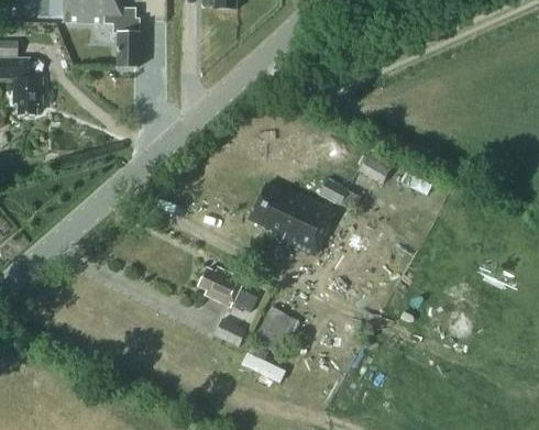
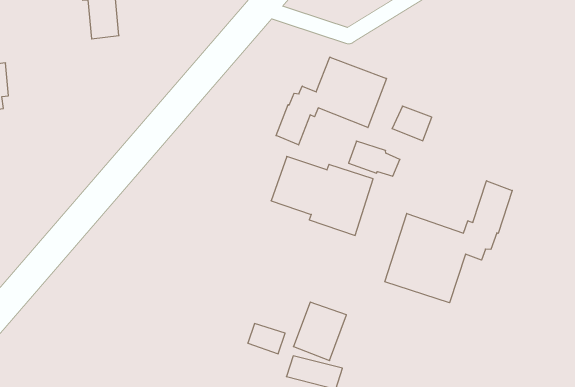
building: none -> [276,57,386,145]
building: none -> [385,181,512,303]
building: [197,266,256,311] -> none

